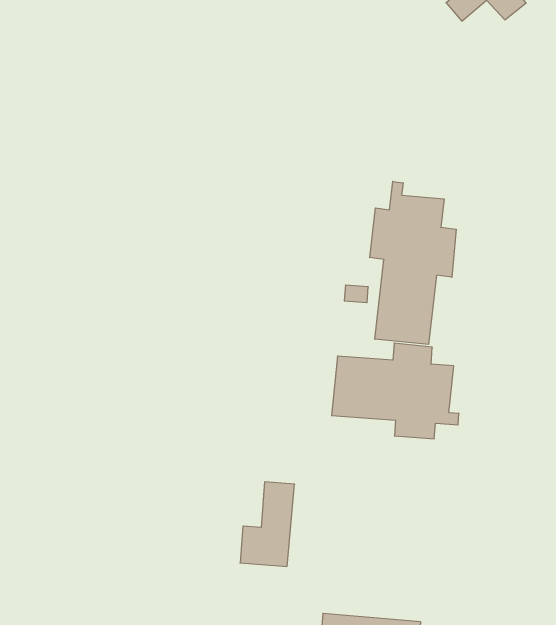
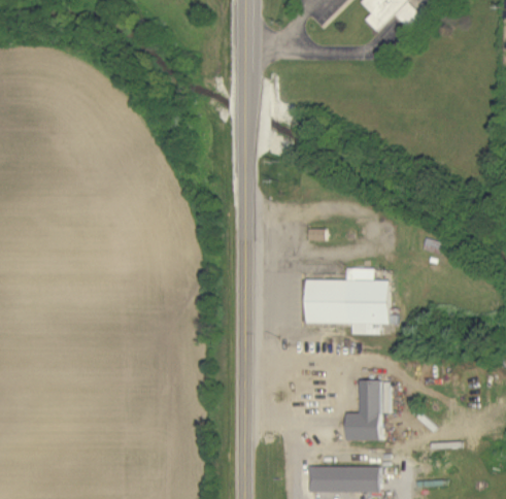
building: [370,181,456,344] -> none
building: [240,482,295,566] -> [345,379,380,439]

